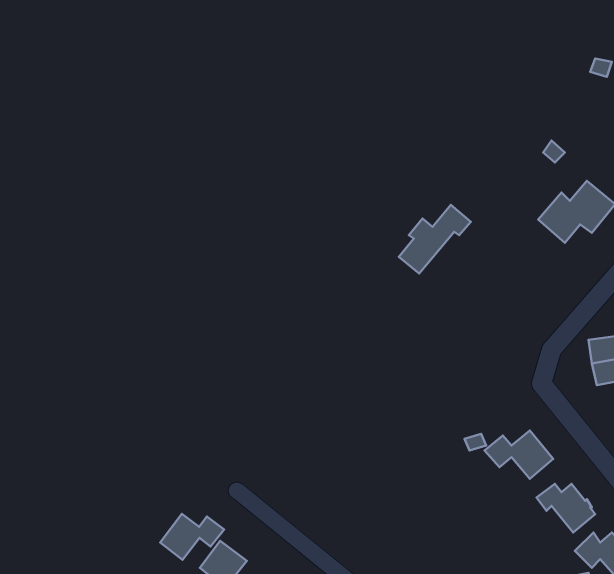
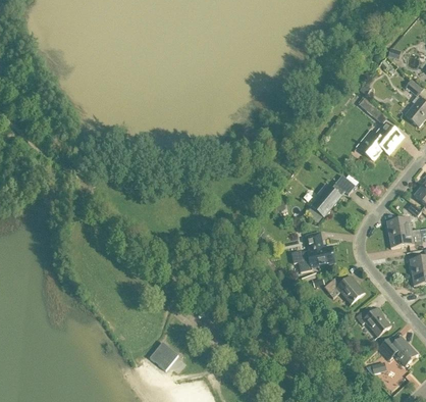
building: [399,205,471,274] -> [311,174,355,216]
building: none -> [291,232,334,271]
building: [160,514,224,560] -> none

